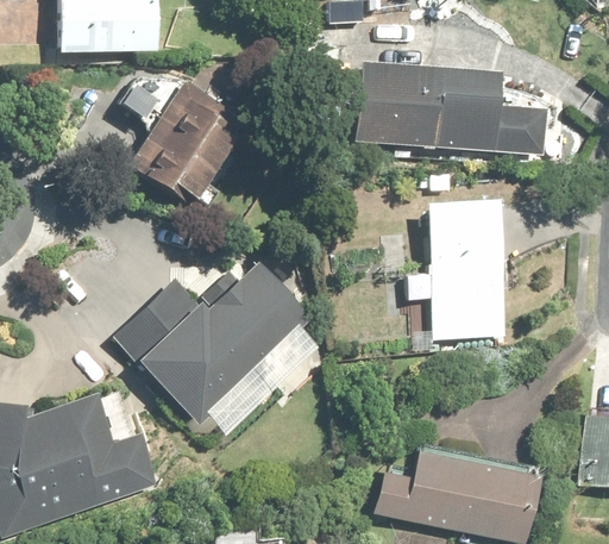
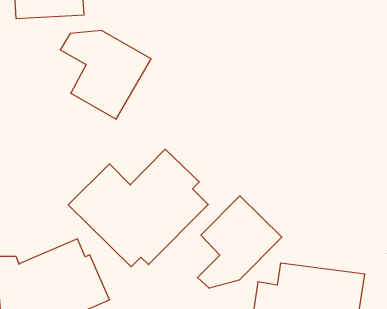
building: [350,58,545,156] -> none
building: [432,200,504,338] -> none
building: none -> [197,196,282,288]

